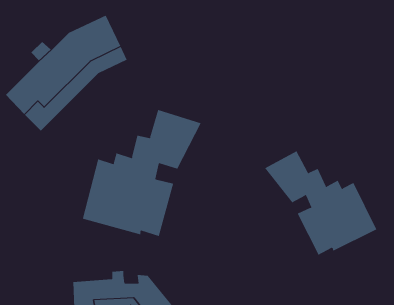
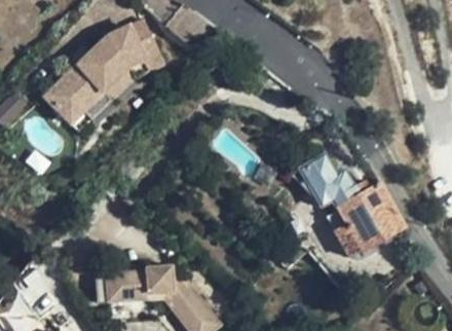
building: [82,109,201,237] -> none

